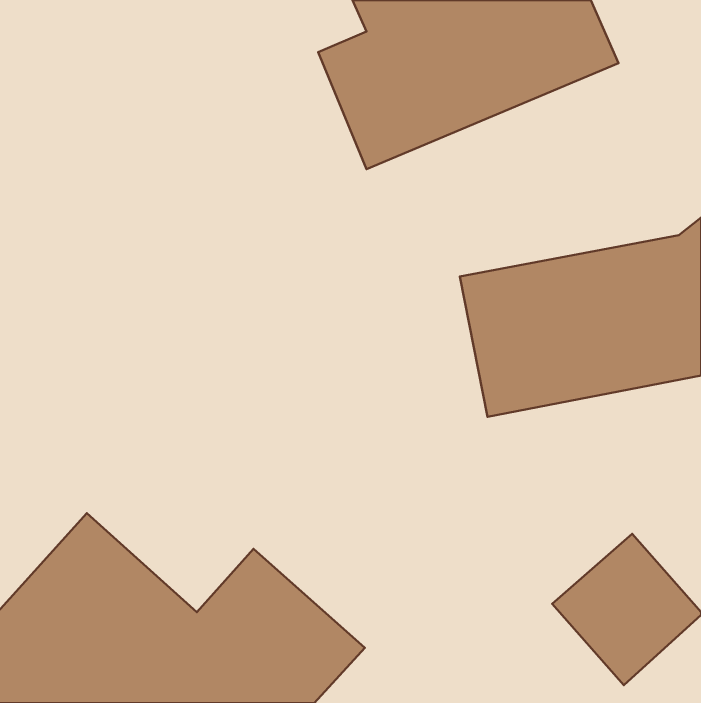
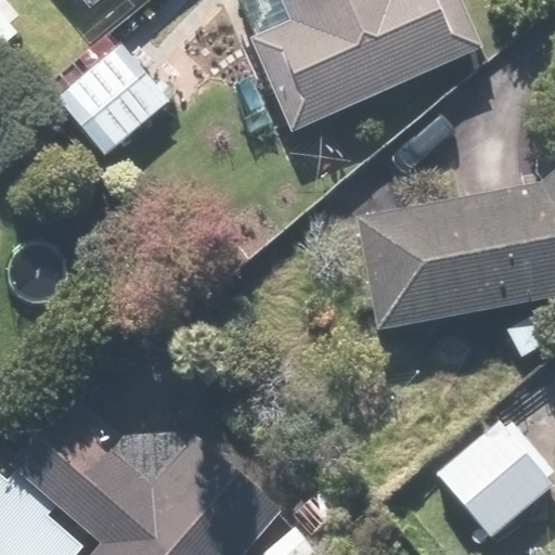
building: none -> [54,41,170,157]

